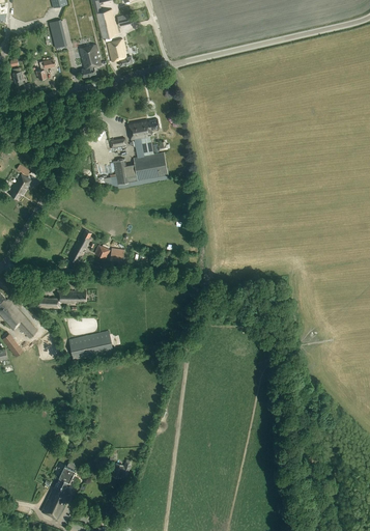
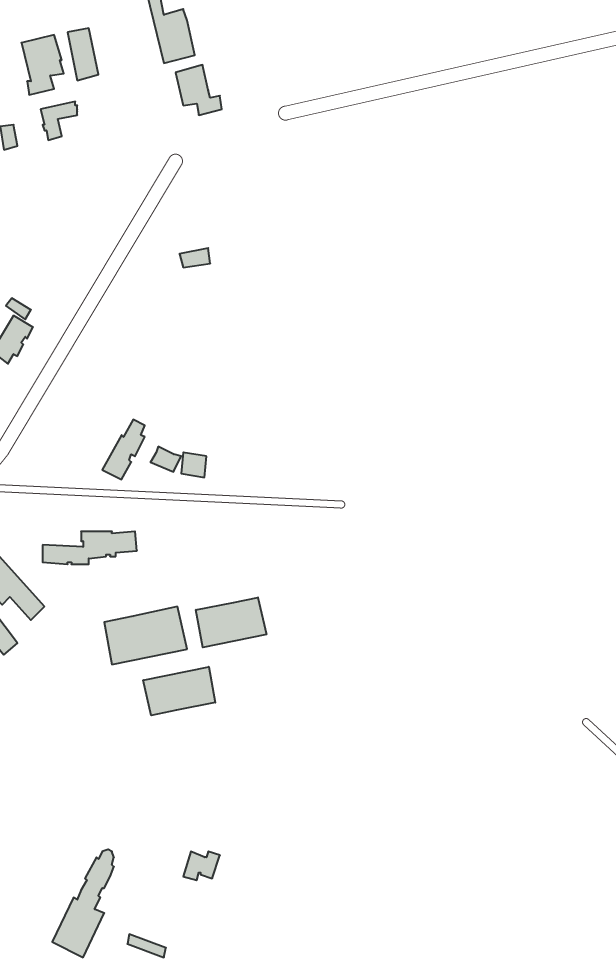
building: [79,44,102,76] -> [21,35,64,95]
building: [113,118,168,184] -> none
building: none -> [196,597,266,647]
building: none -> [143,667,215,715]

